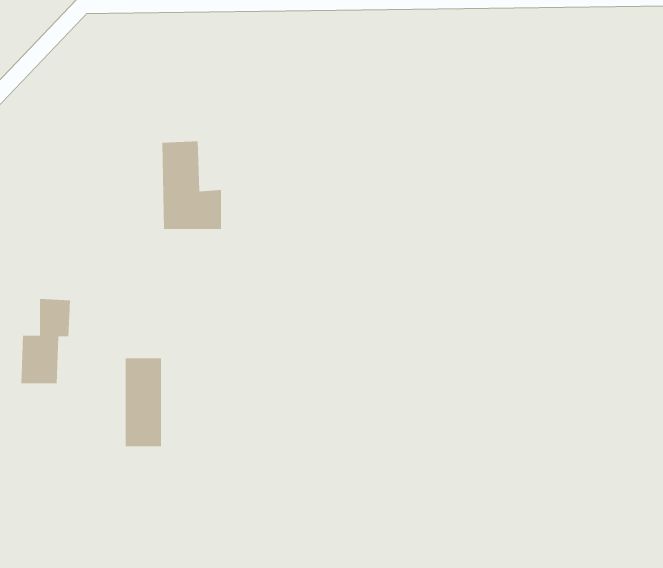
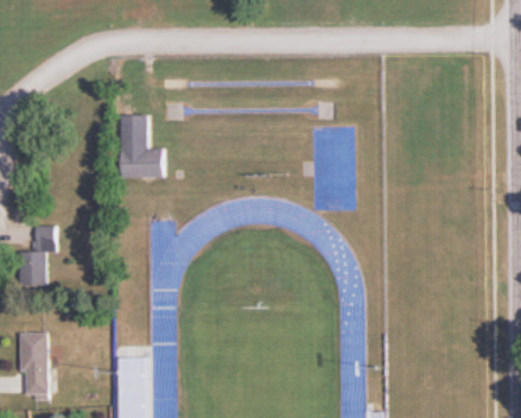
building: [125,358,162,447] -> [23,334,49,397]

